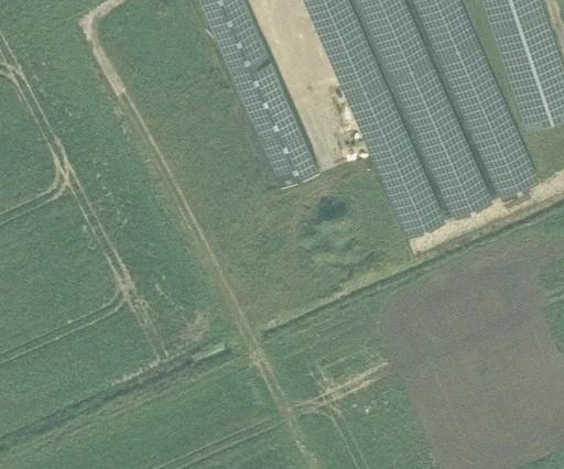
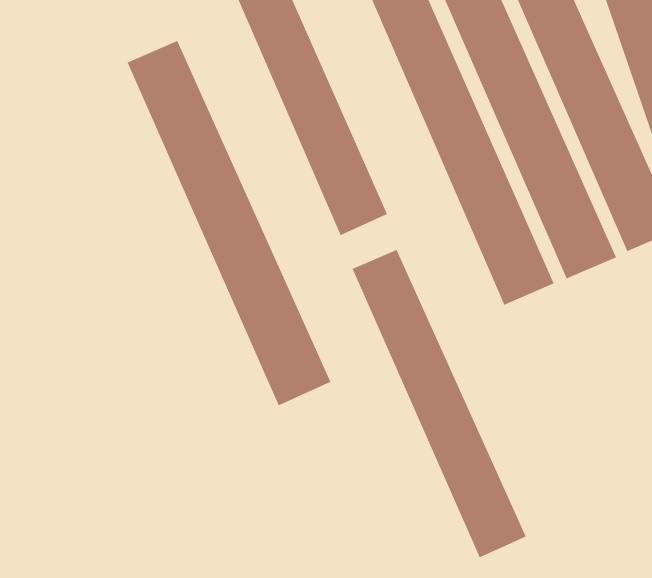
building: none -> [127,40,331,406]
building: none -> [352,249,527,558]

